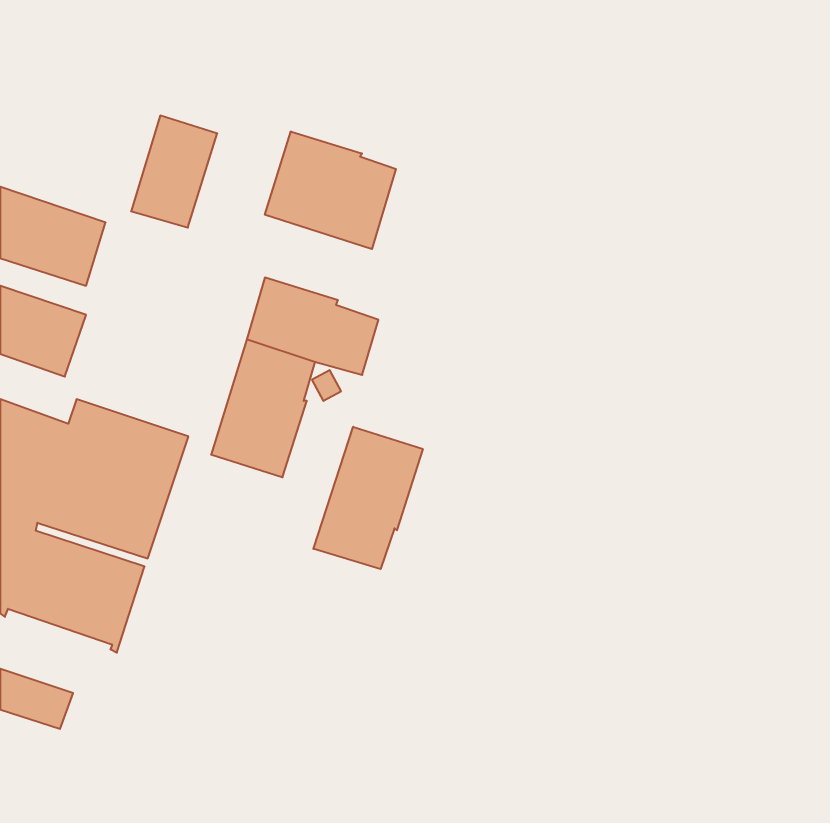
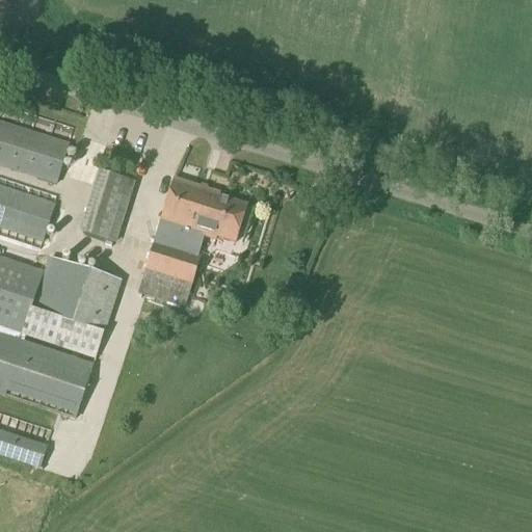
building: [131,116,217,228] -> [78,169,133,241]
building: [265,131,396,249] -> none
building: [313,427,423,569] -> none

